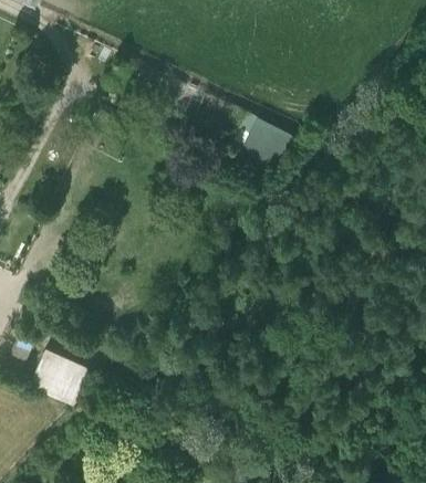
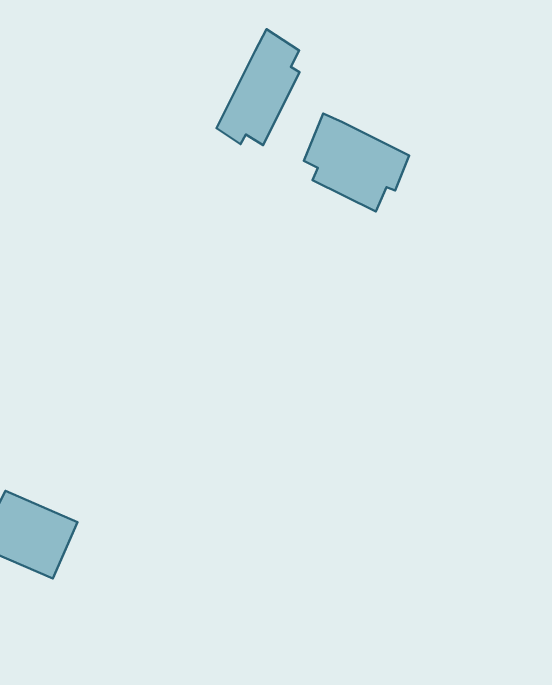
building: none -> [217,29,300,145]

